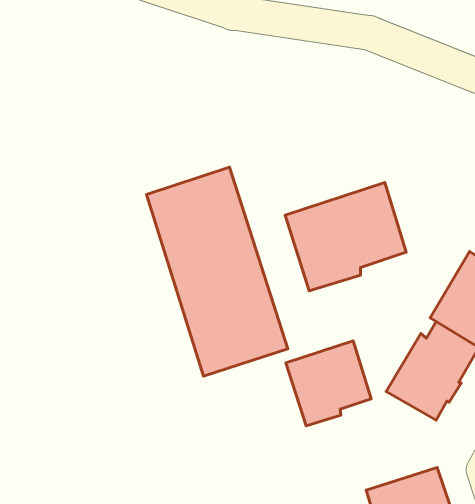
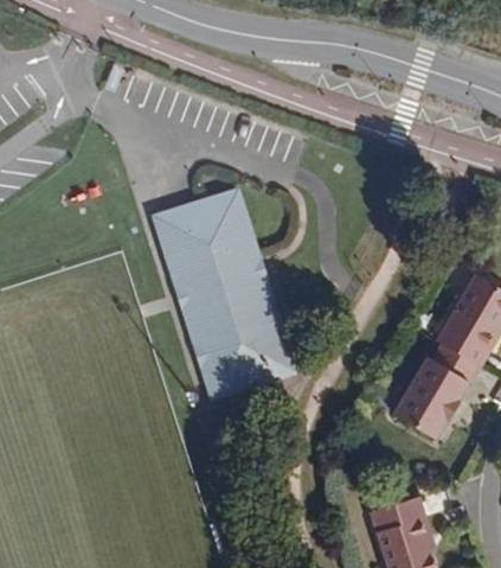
building: [285,183,406,291] -> none
building: [286,341,371,426] -> none

